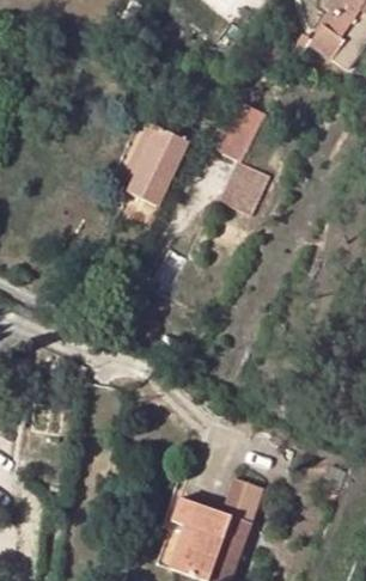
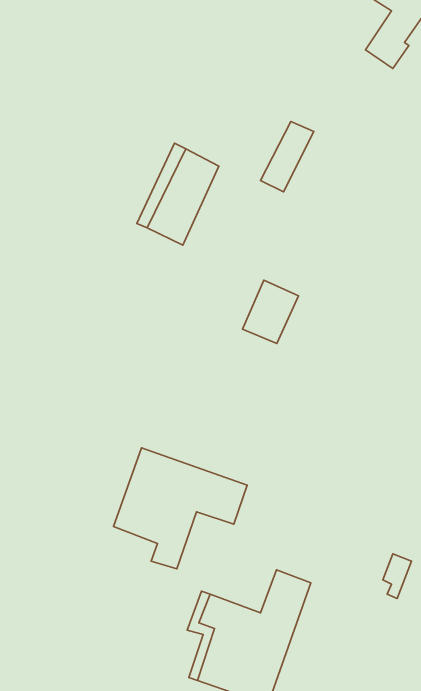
building: [222,163,269,215] -> [242,280,298,343]
building: none -> [113,448,247,569]

